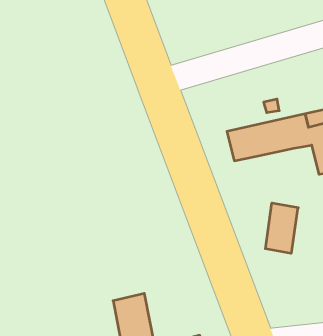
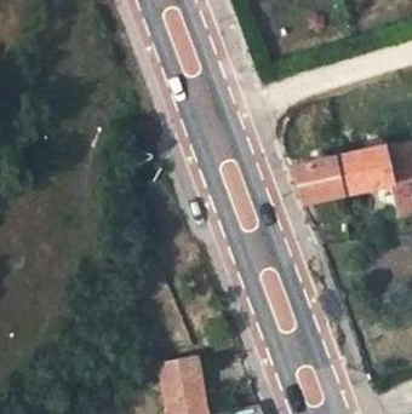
building: [265,203,298,253] -> none

